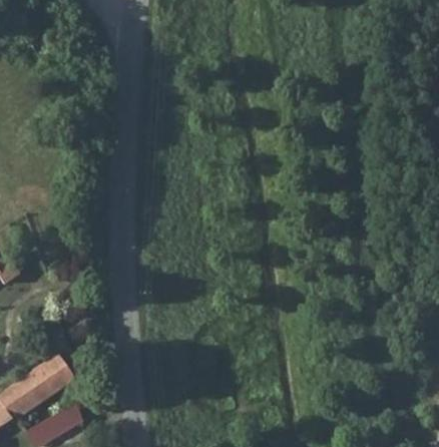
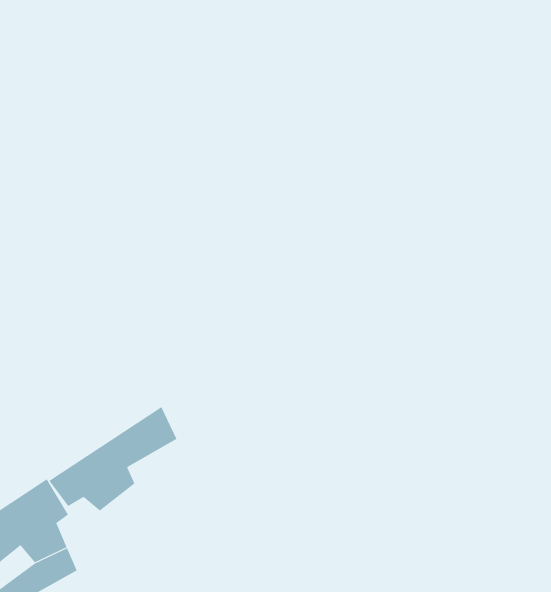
building: none -> [48,406,177,512]

